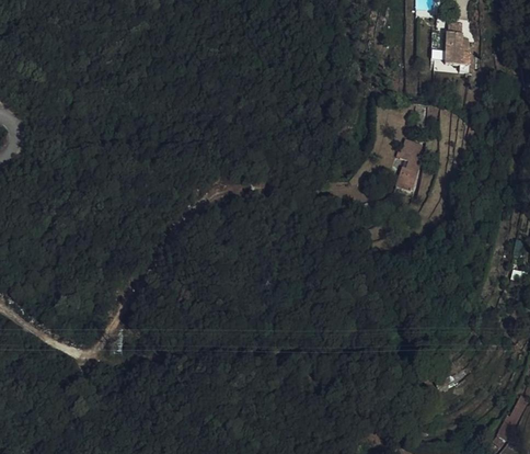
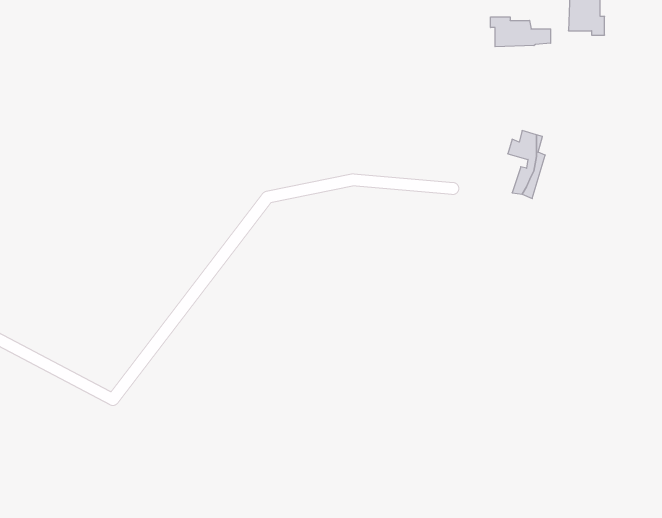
building: none -> [491,17,551,47]

